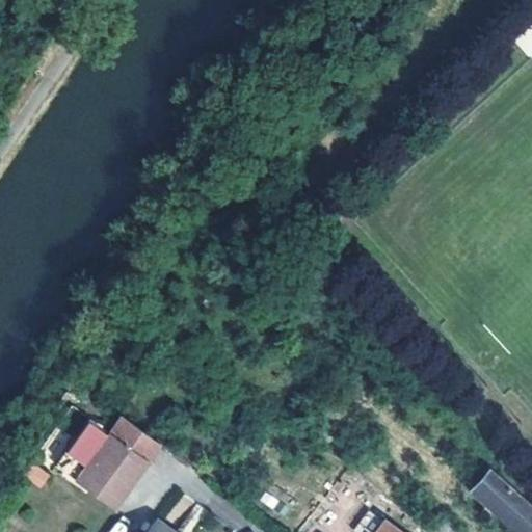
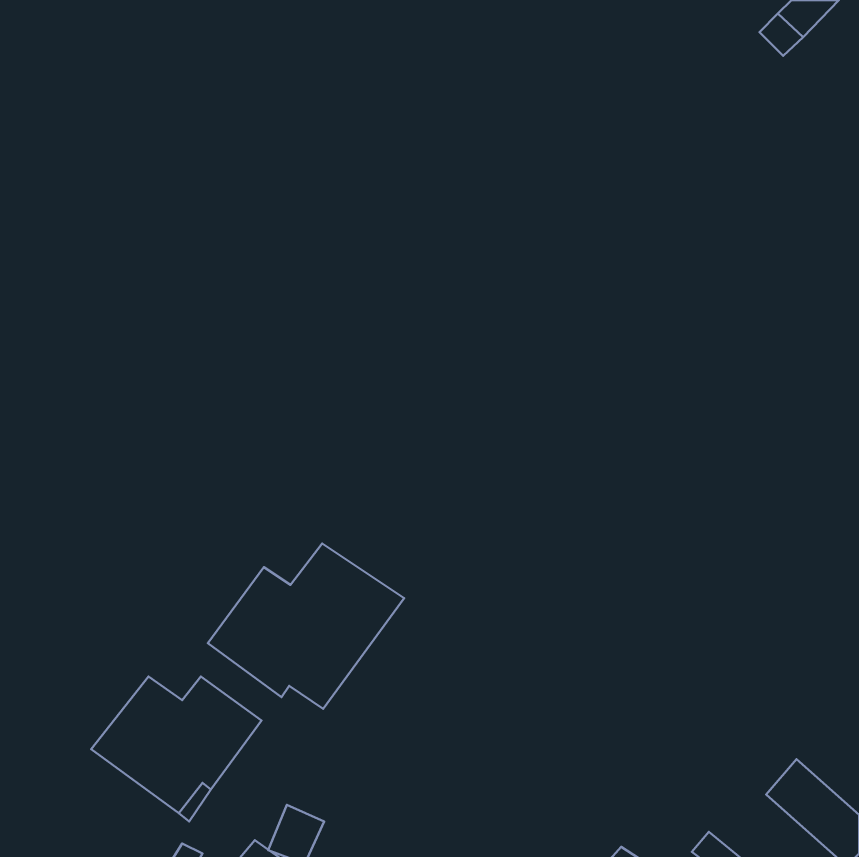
building: none -> [208,544,404,709]

